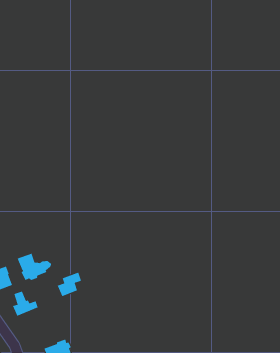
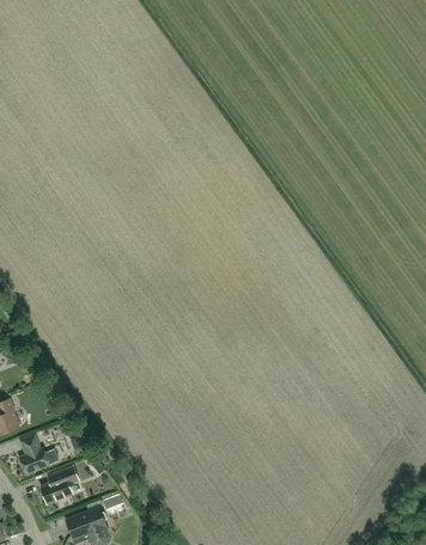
building: [17,253,52,281] -> none
building: [57,272,82,297] -> [41,466,78,503]

